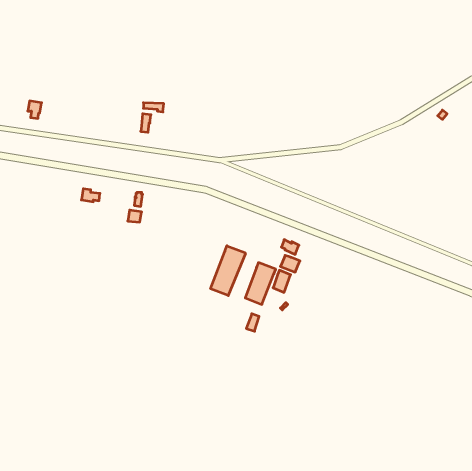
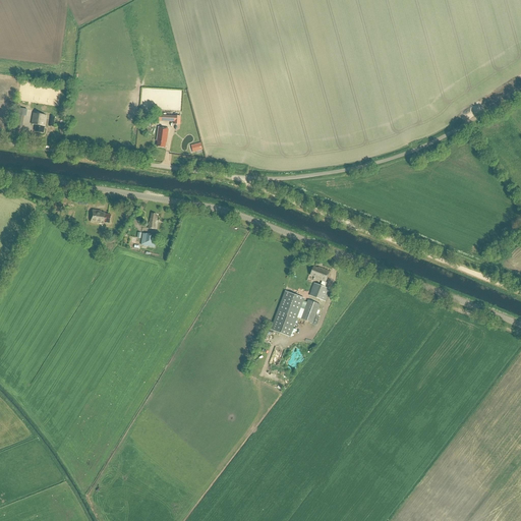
building: [211,246,245,296] -> none

